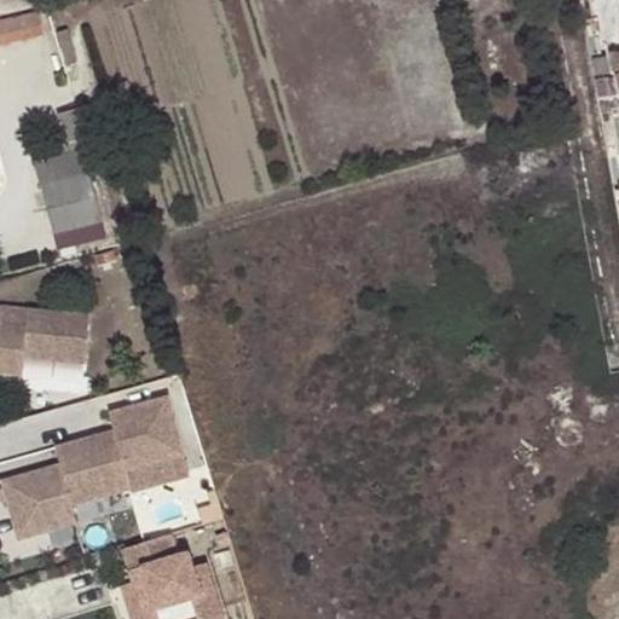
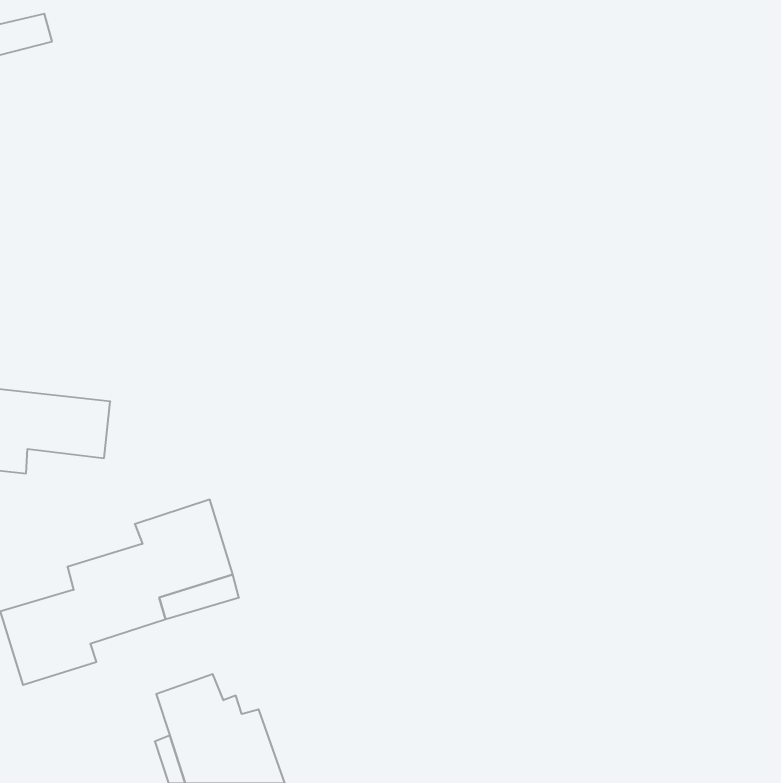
building: [34,108,104,249] -> none

